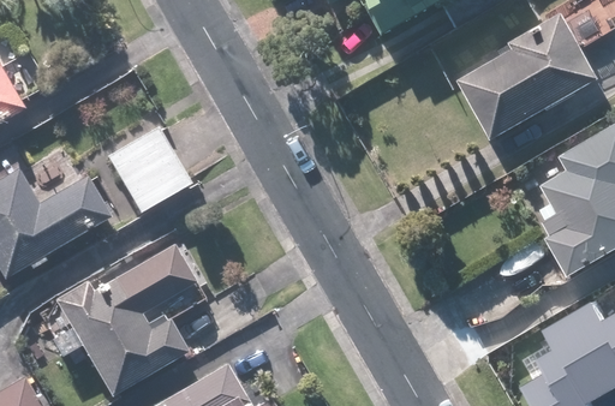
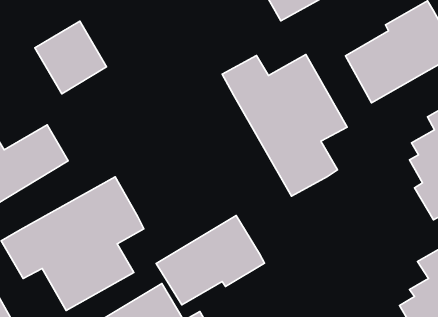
building: none -> [222,54,347,196]
building: [112,124,198,211] -> [35,21,107,94]
building: none -> [156,216,265,305]

